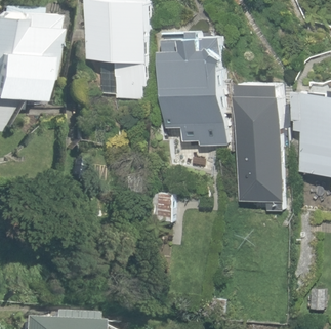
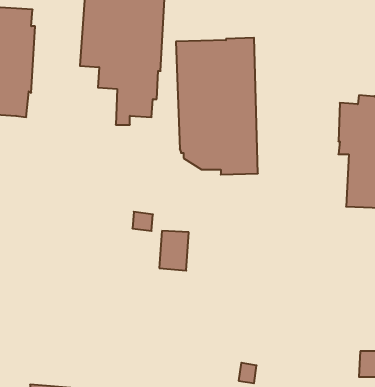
building: [240,81,289,210] -> none

